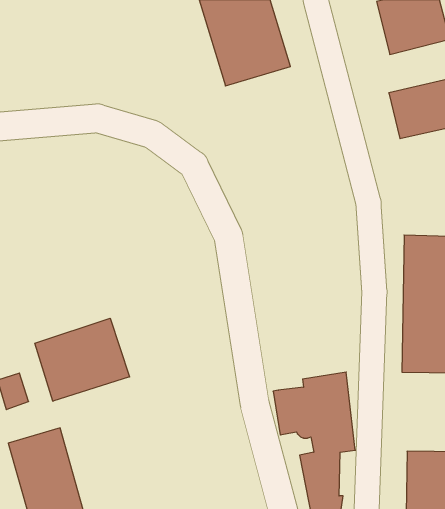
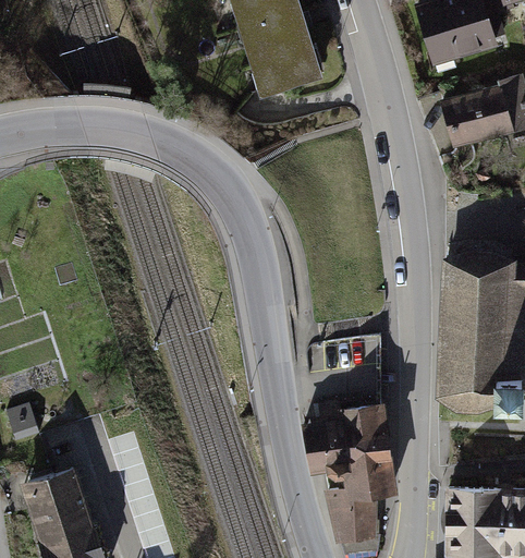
building: [35,318,130,401] -> none

